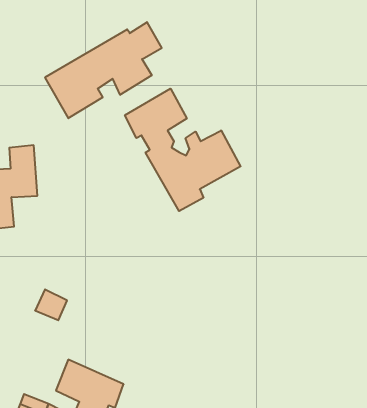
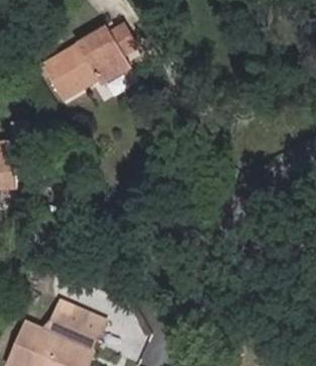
building: [125,89,241,211] -> none

